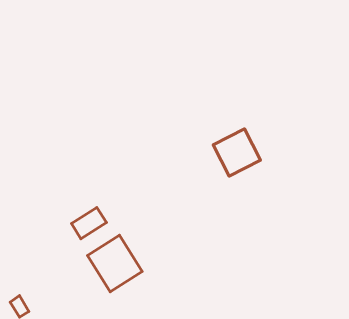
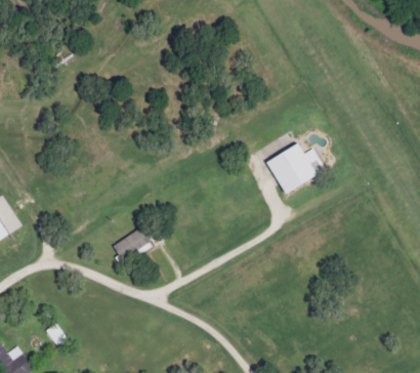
building: [87,235,142,292] -> none

